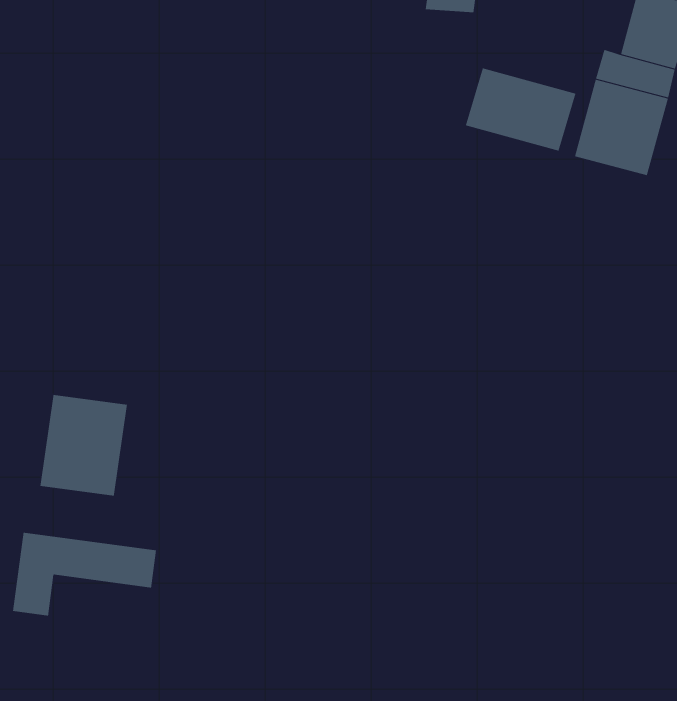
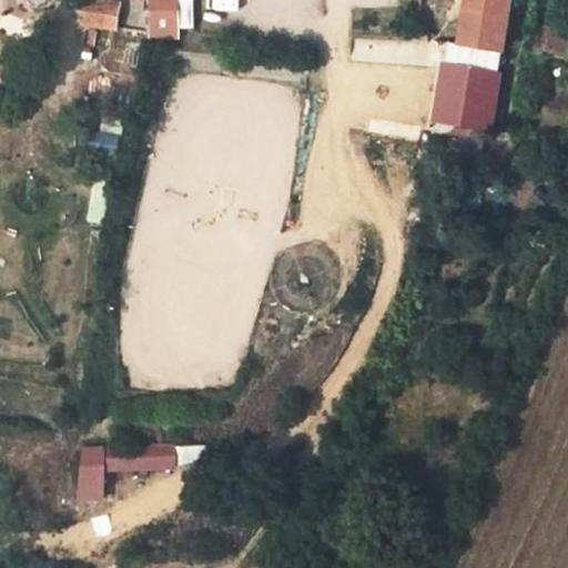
building: [465,67,576,152] -> none
building: [40,394,127,497] -> none

